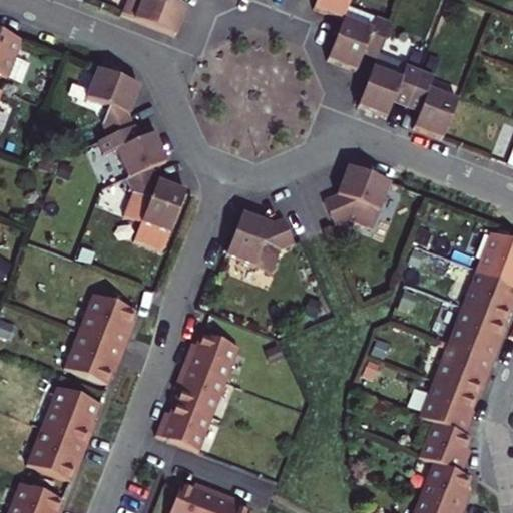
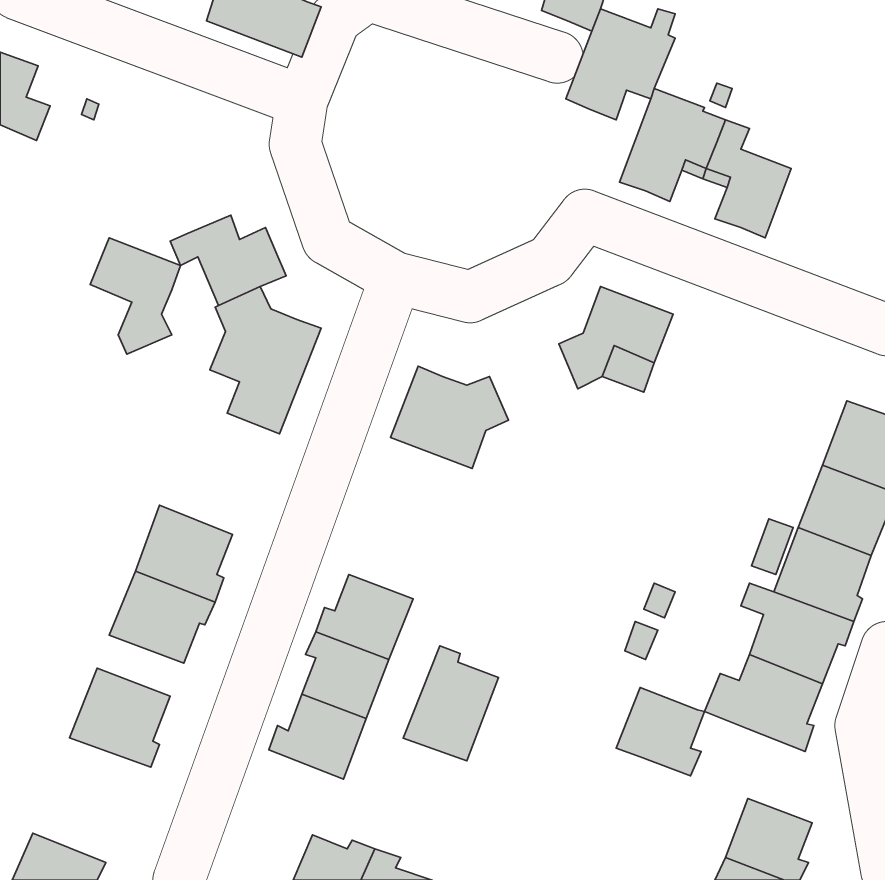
building: [87,68,139,135] -> [90,238,180,354]
building: none -> [403,646,499,761]
building: [419,421,470,472] -> [616,687,705,776]
building: [27,426,88,479] -> none

